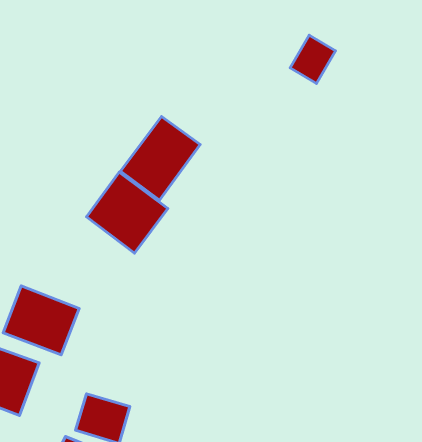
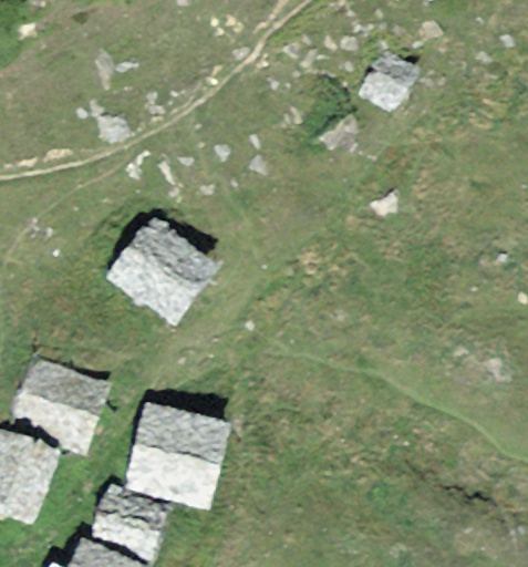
building: [120,116,200,200] -> none
building: none -> [127,405,226,498]

